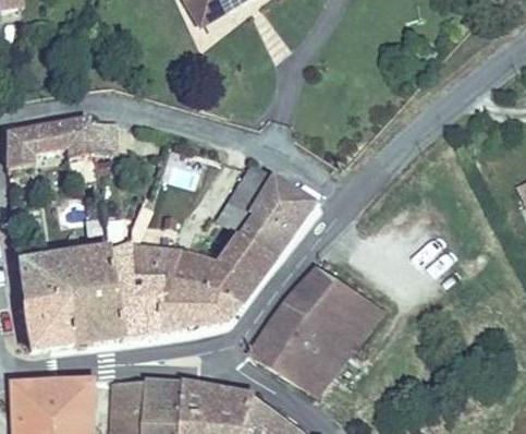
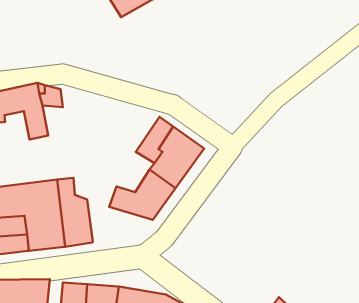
building: [130,242,236,328] -> none
building: [254,255,386,401] -> none

